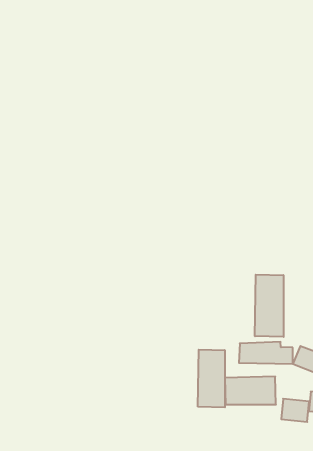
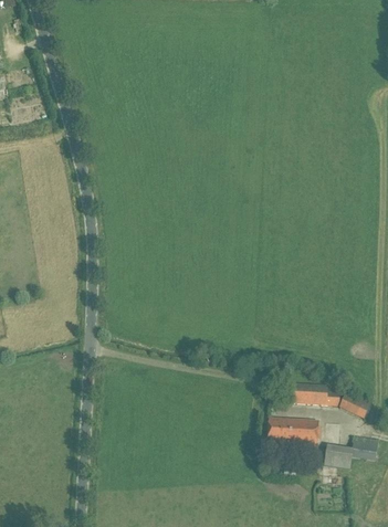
building: [255,275,284,337] -> none
building: [198,350,225,407] -> none

